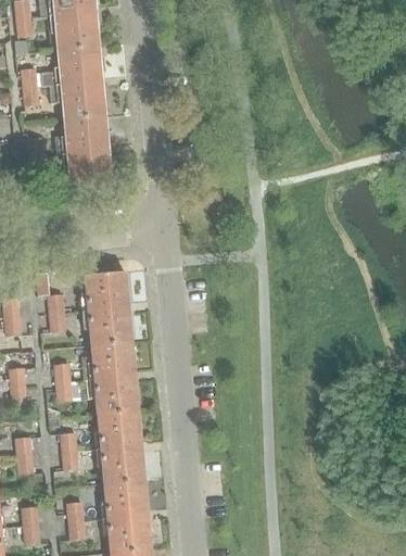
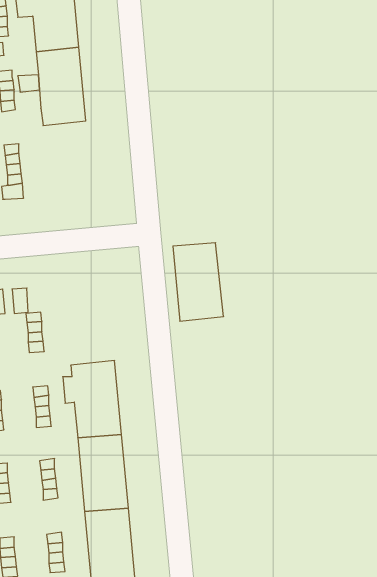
building: [55,114,111,188] -> none
building: [84,270,131,344] -> [173,243,224,321]

